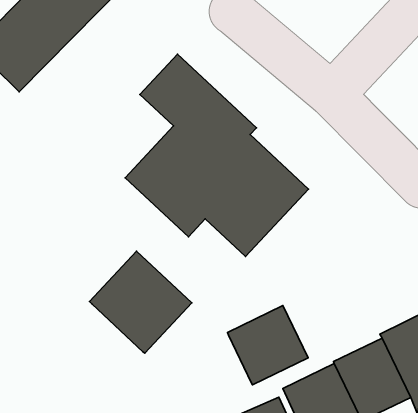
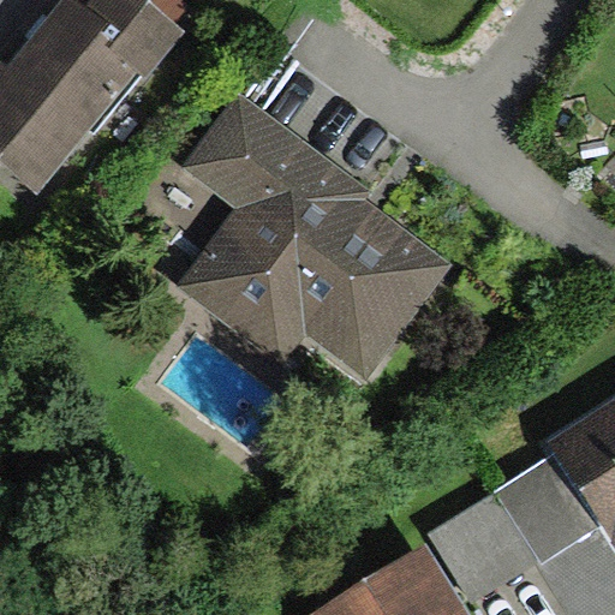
building: [89,251,192,353] -> none
building: [227,306,308,385] -> none

